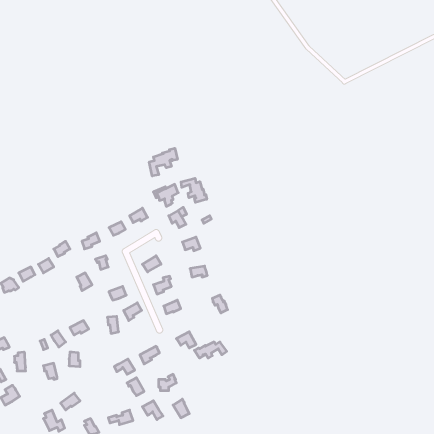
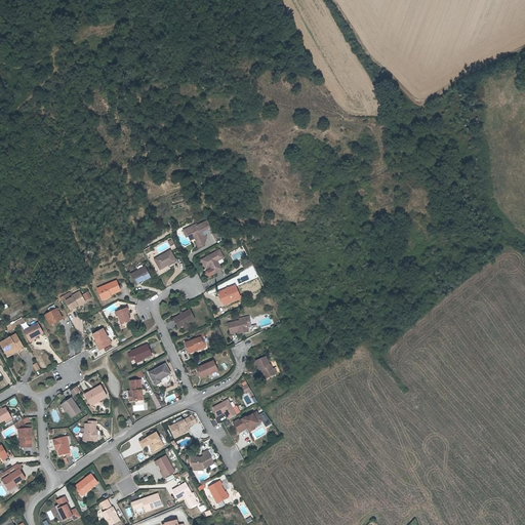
building: [149,148,177,176] -> none
building: [181,178,207,202] -> none

